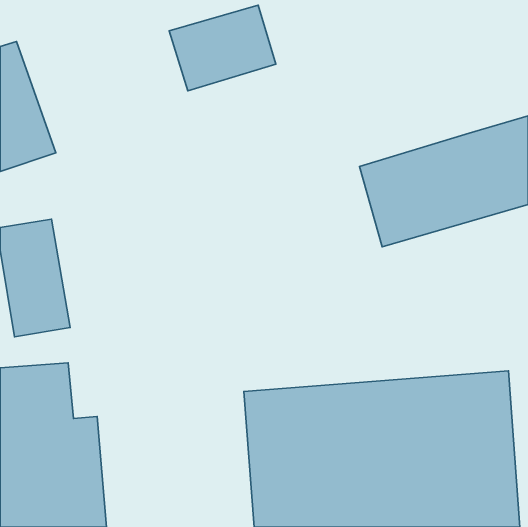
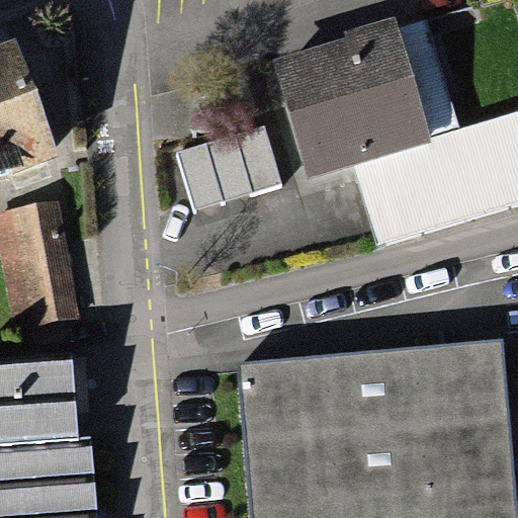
building: [169,5,276,91] -> [175,124,279,208]
building: none -> [273,17,459,175]

